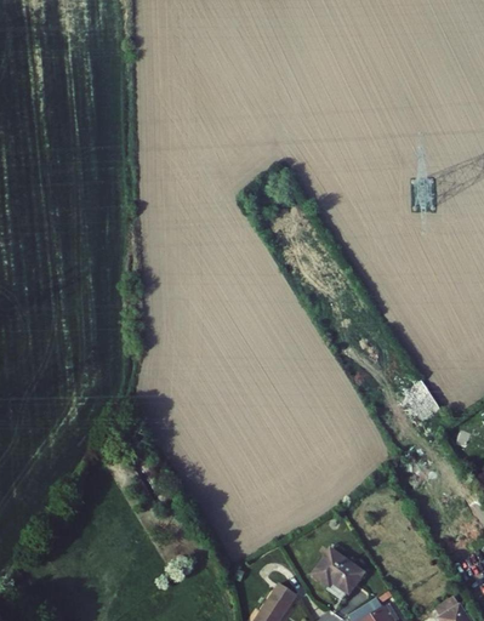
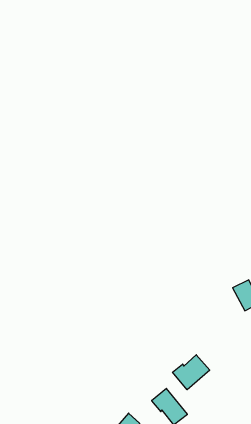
building: none -> [173,355,210,390]

